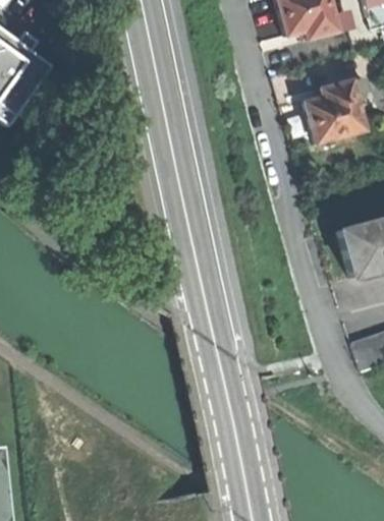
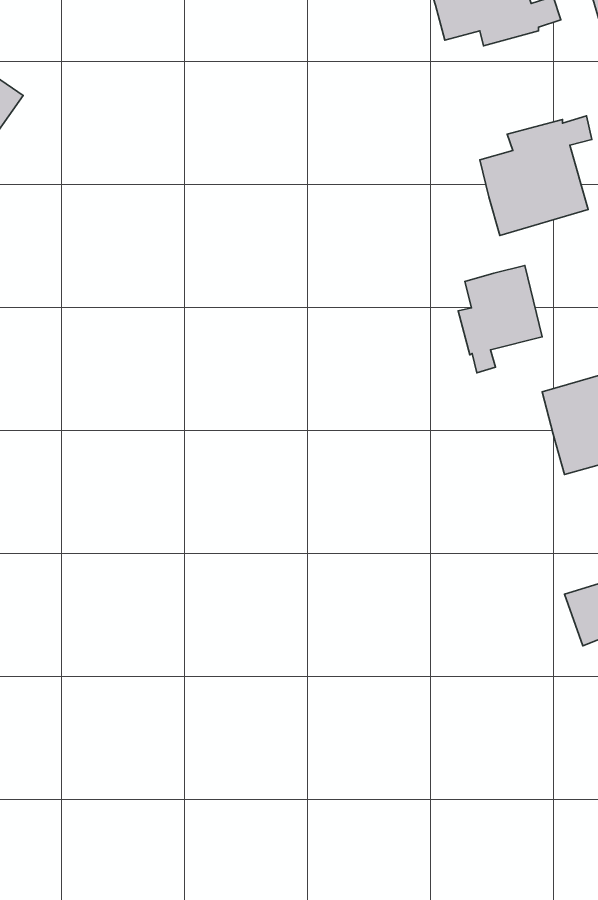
building: none -> [458,265,542,373]

